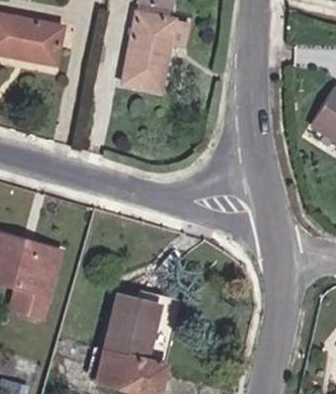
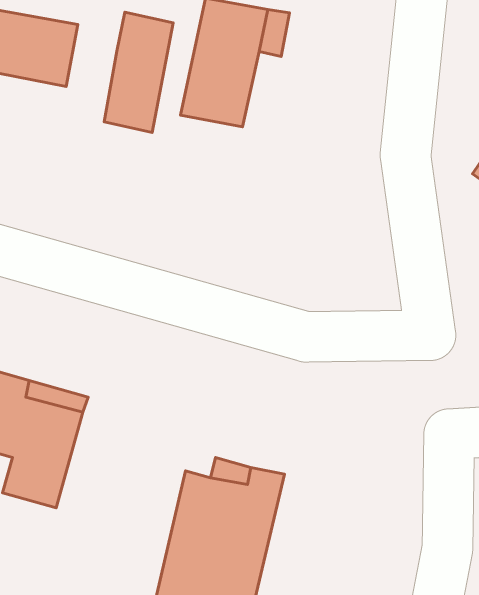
building: none -> [104,12,173,132]

